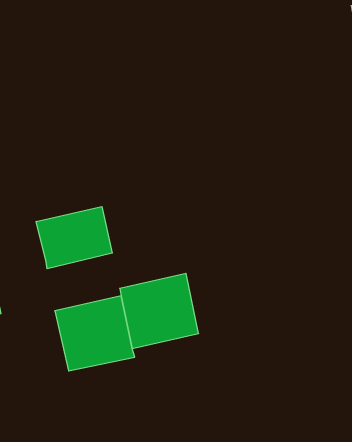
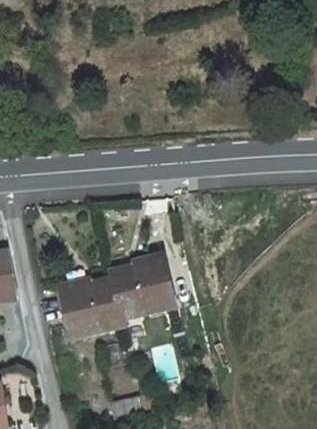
building: [36,207,112,269] -> none

